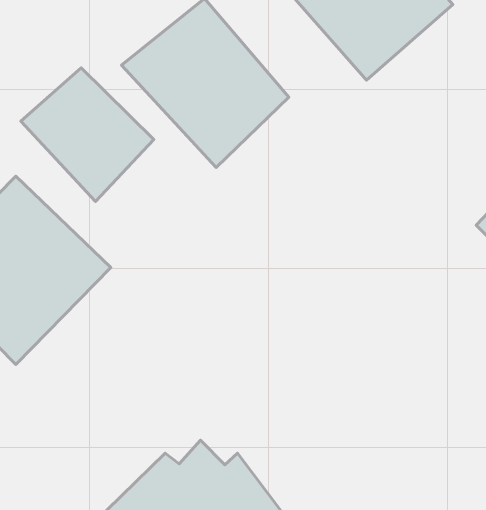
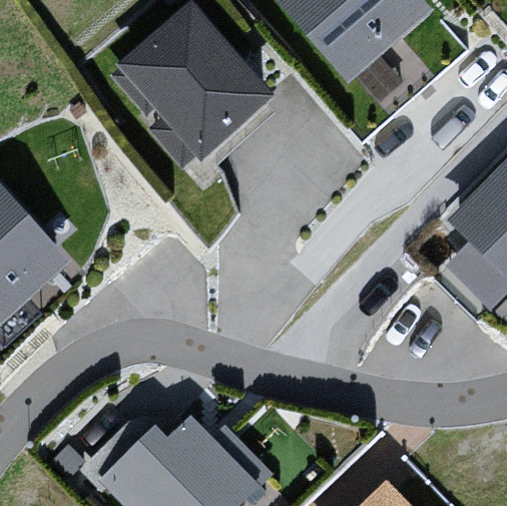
building: [21,68,154,202] -> none

